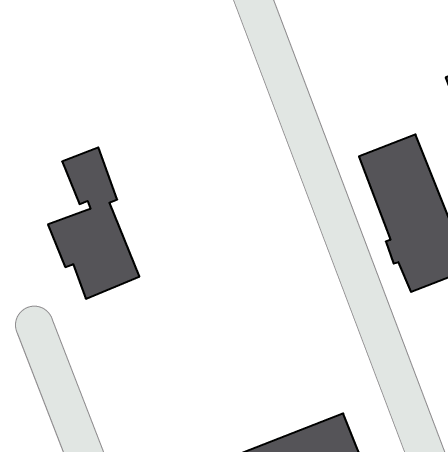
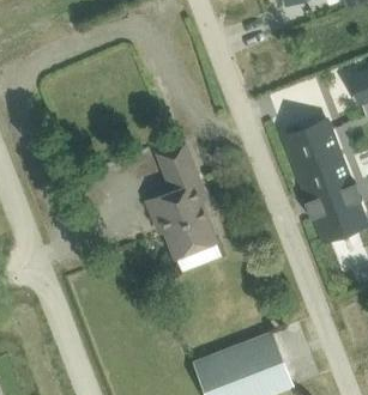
building: [48,147,139,299] -> [146,144,216,259]

